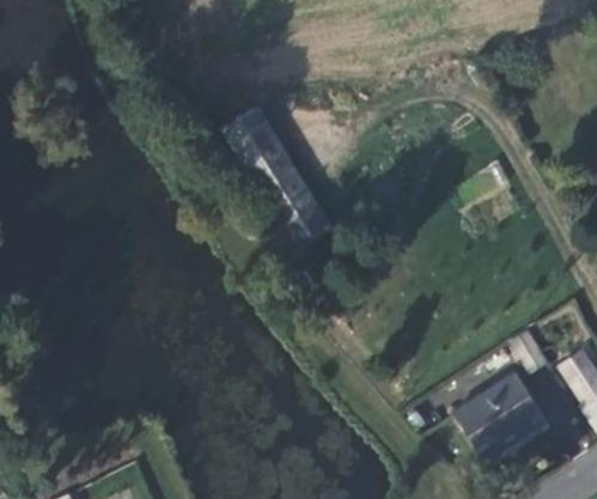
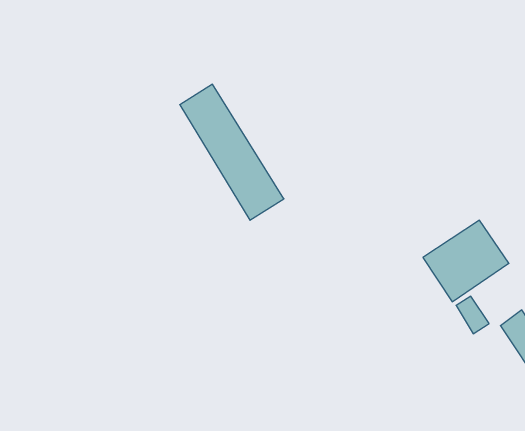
building: [452,373,543,460] -> [423,220,509,302]

